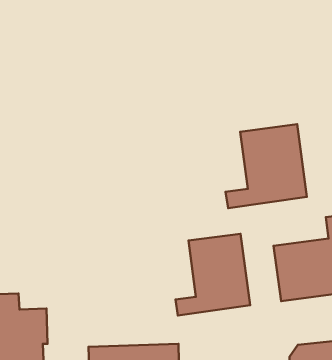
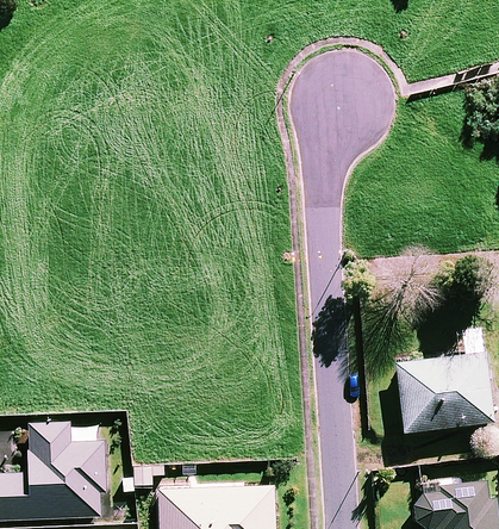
building: [226,124,307,208] -> none
building: [175,234,250,316] -> none

